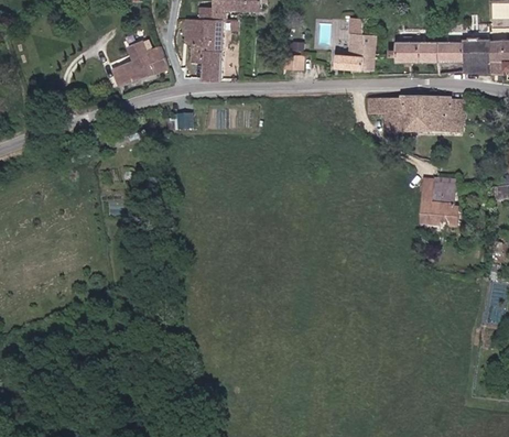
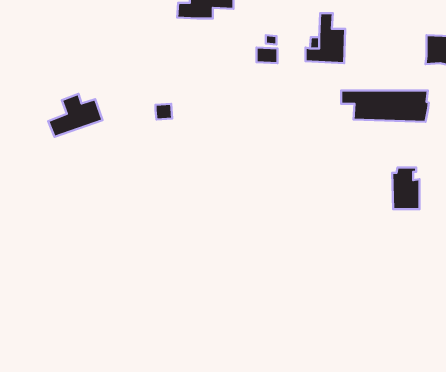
building: [185,21,220,76] -> none
building: [111,40,169,85] -> [48,94,102,137]
building: [388,40,463,62] -> none

